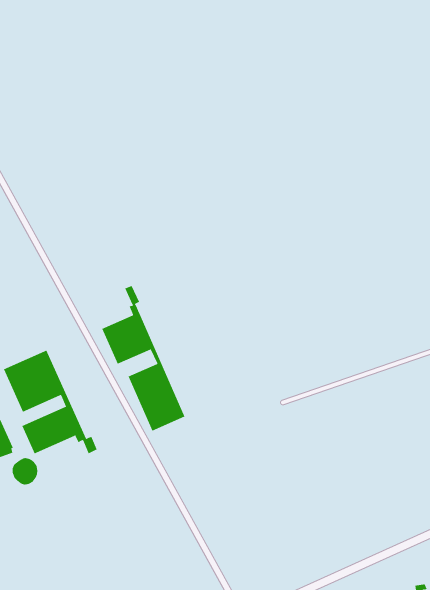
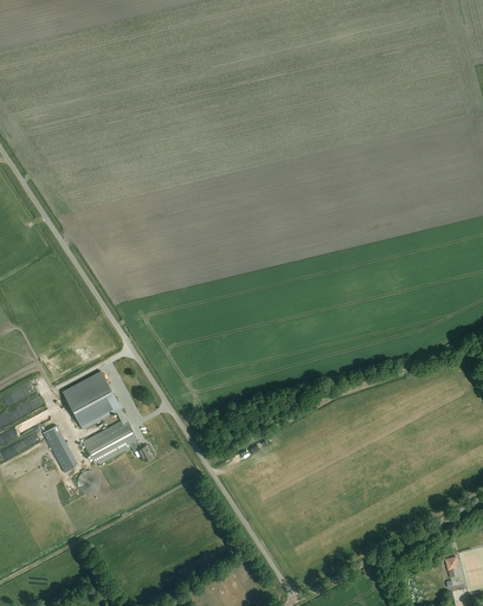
building: [101,285,185,431] -> none

